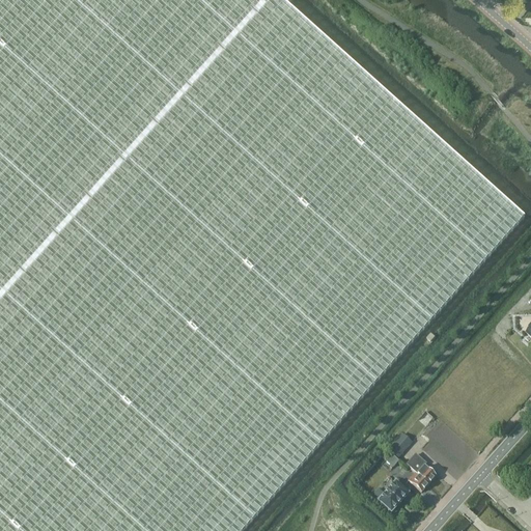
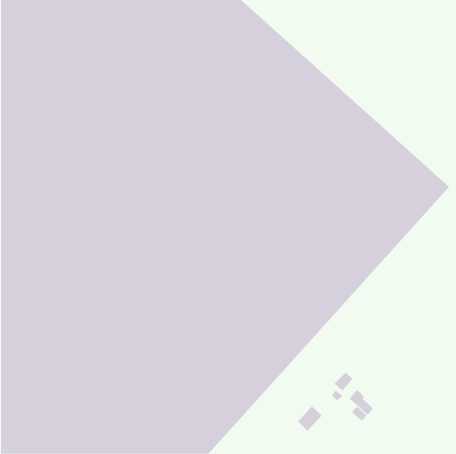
building: [379,480,408,510] -> [298,406,323,431]

